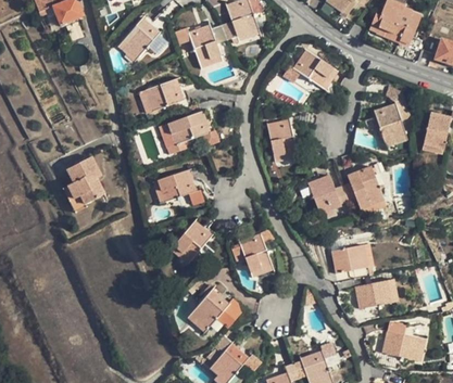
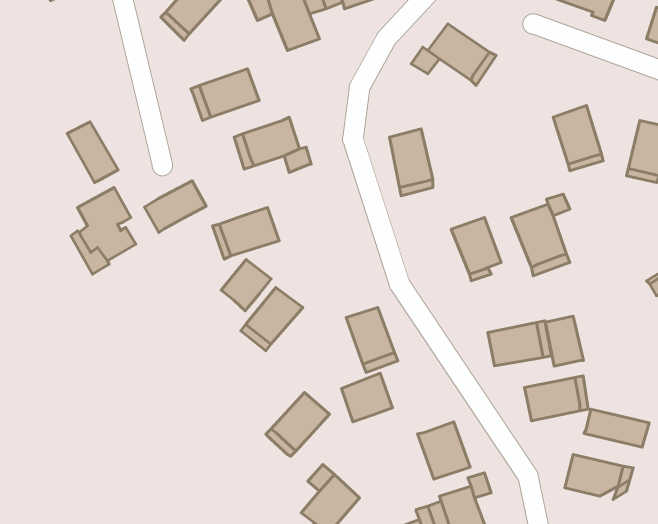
building: none -> [67,122,118,182]
building: none -> [145,181,206,232]
building: none -> [221,260,271,311]
building: none -> [546,316,583,366]
building: none -> [341,373,392,422]
building: none -> [584,409,649,447]
building: none -> [418,422,470,479]

